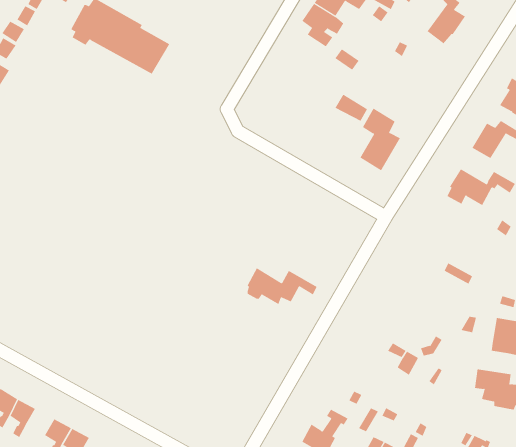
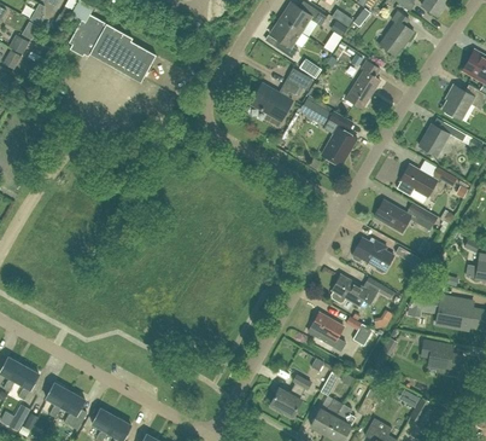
building: none -> [346,60,380,109]
building: none -> [250,79,300,121]
building: none -> [374,201,437,232]
building: none -> [352,238,393,273]
building: [247,268,317,305] -> [332,274,393,307]
building: none -> [308,312,345,350]

